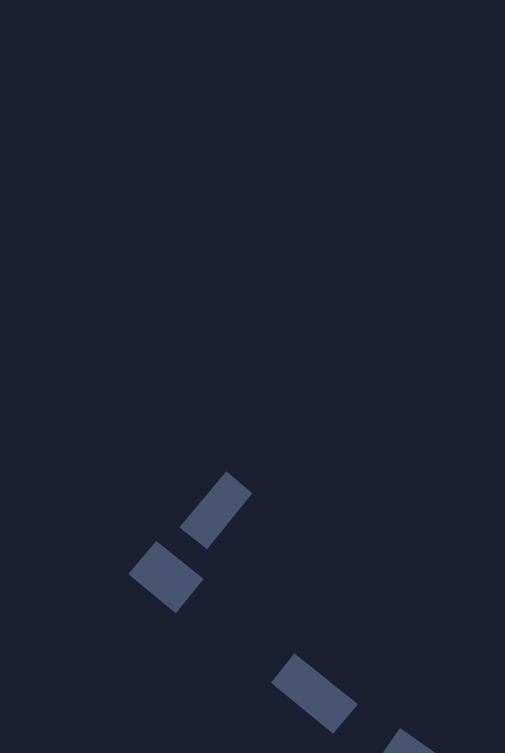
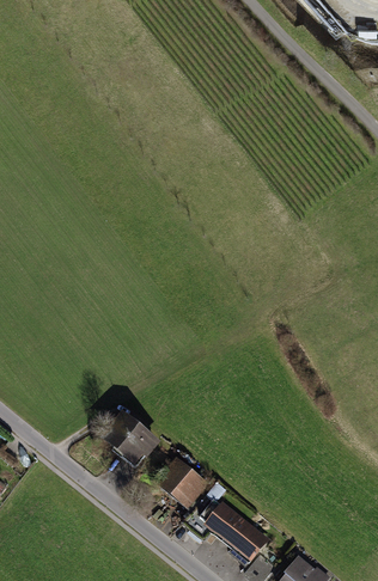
building: [178,470,254,550] -> none
building: none -> [153,458,208,510]

